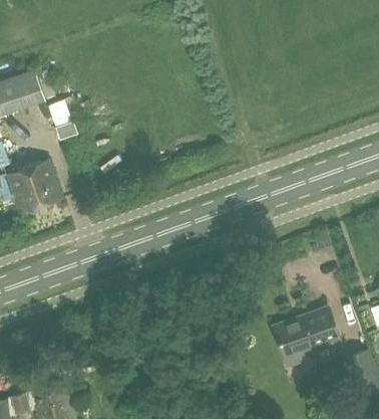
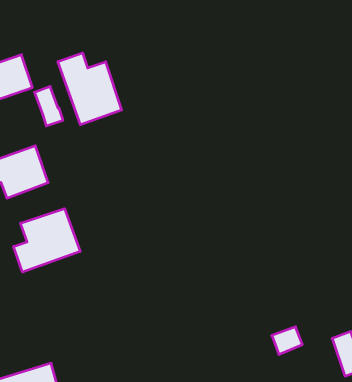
building: none -> [58,53,122,125]
building: none -> [14,209,80,272]
building: [278,307,341,350] -> none

